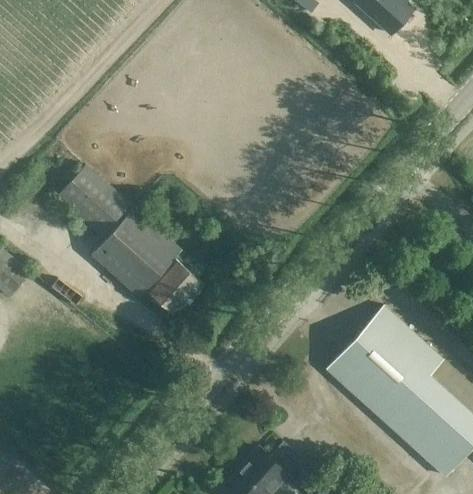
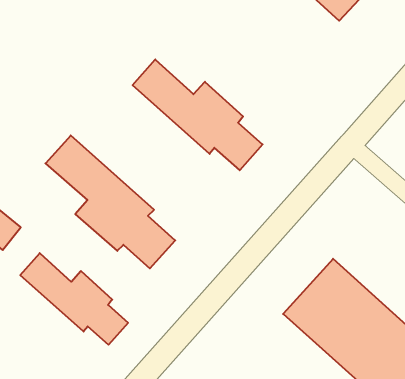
building: none -> [133,59,263,170]
building: none -> [20,253,128,345]

